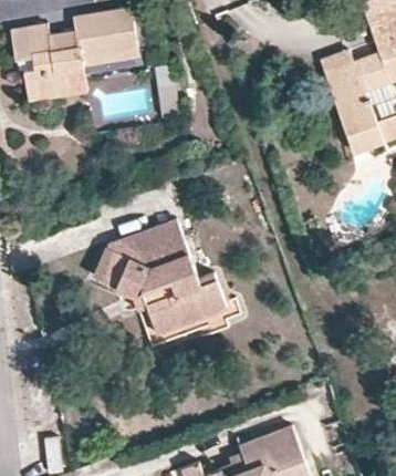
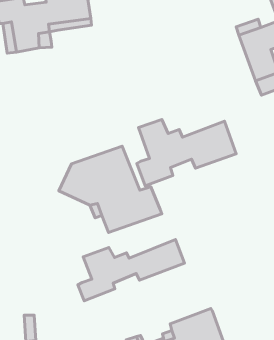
building: none -> [137,120,236,186]
building: none -> [78,240,185,301]

